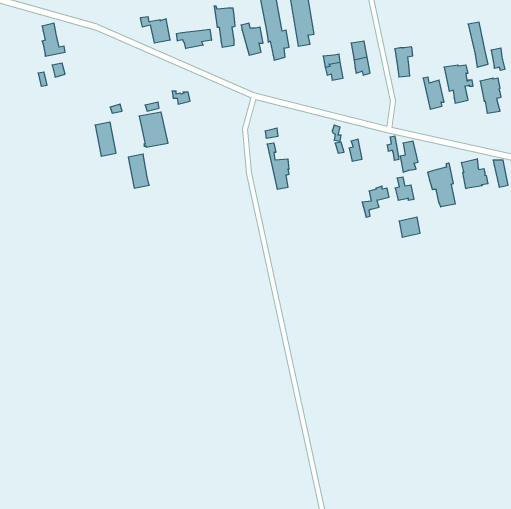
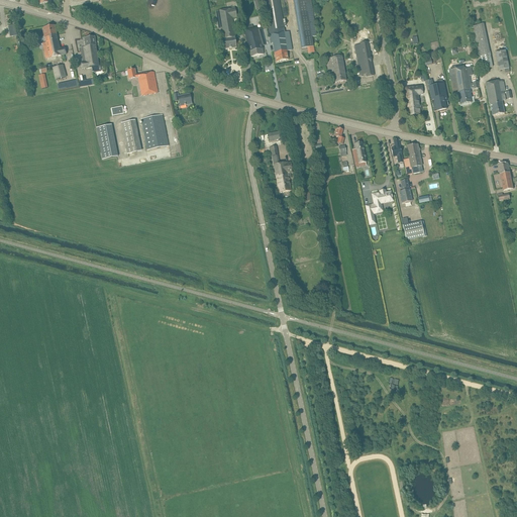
building: [140,17,170,43] -> [127,68,158,94]
building: [176,29,211,49] -> none
building: none -> [81,34,99,69]
building: [395,47,413,77] -> [405,84,423,114]
building: [128,154,149,188] -> [120,118,141,152]
building: [461,159,488,189] -> none
building: [428,163,455,207] -> none

